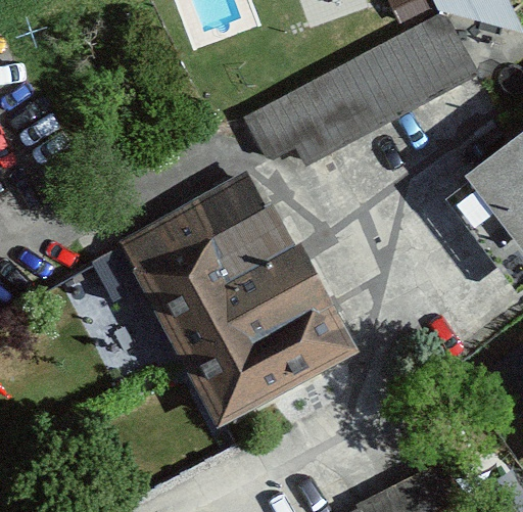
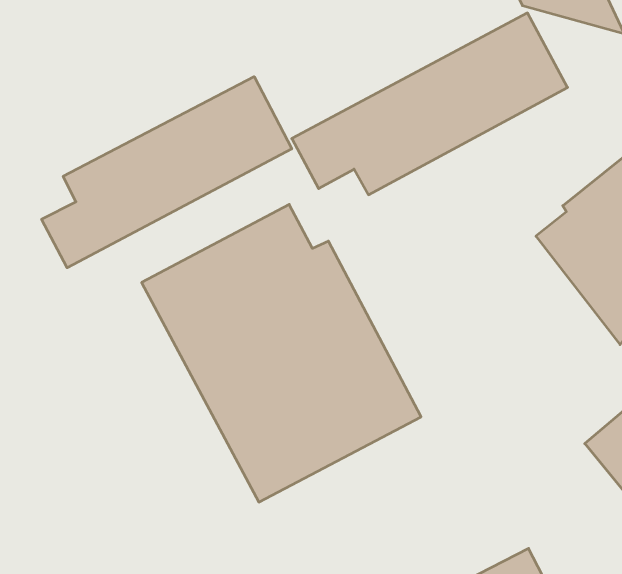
building: none -> [42,77,292,268]

